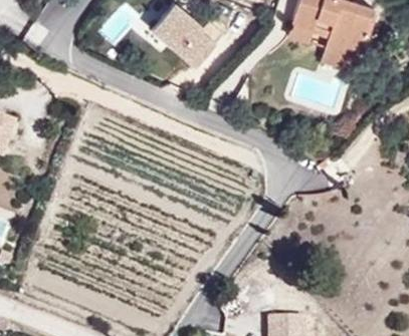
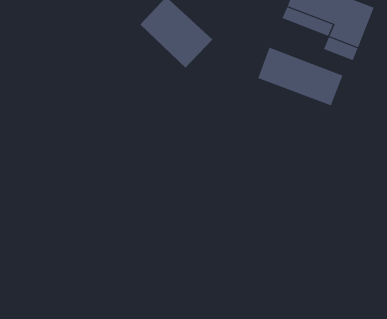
building: none -> [258,47,343,106]

